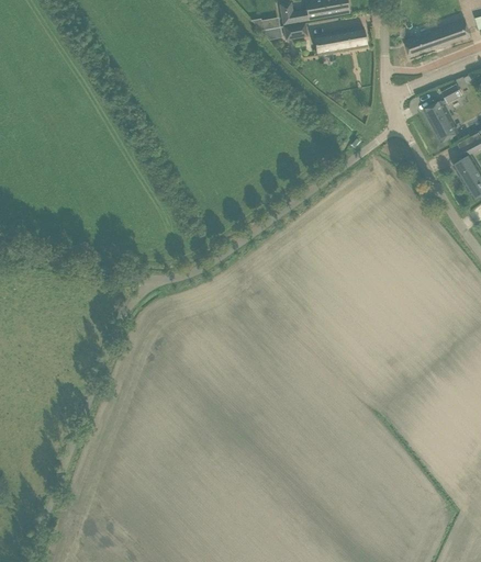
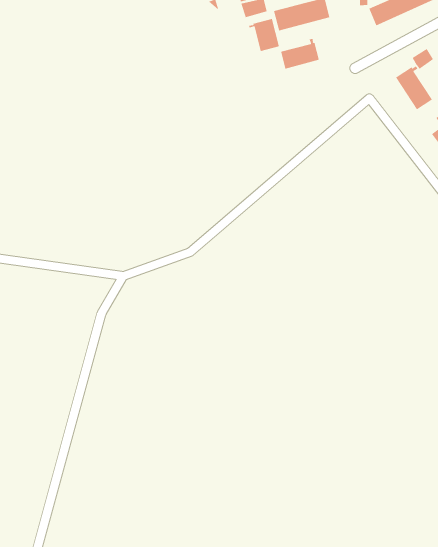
building: none -> [249,18,280,52]
building: none -> [281,38,320,69]

